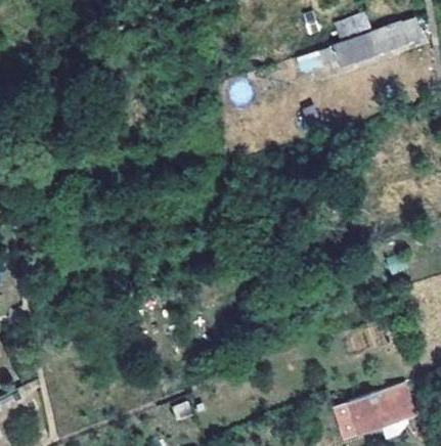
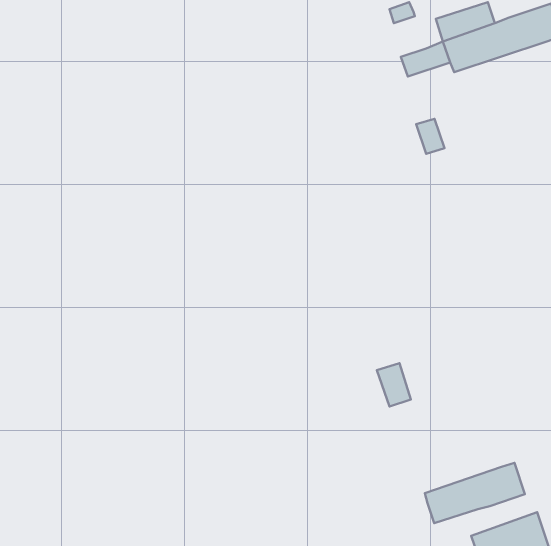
building: none -> [425,463,525,523]

